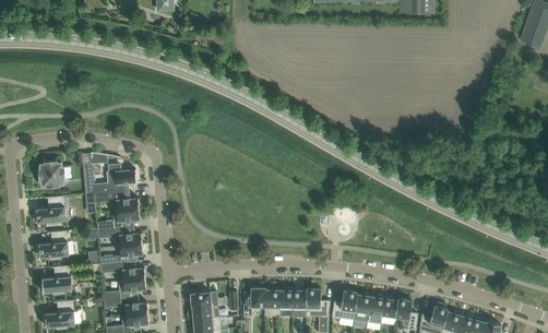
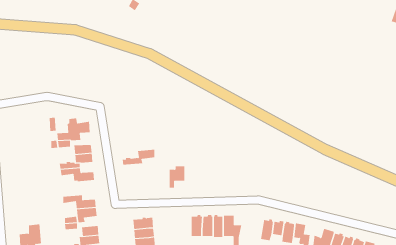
building: [37,160,64,188] -> none
building: [35,195,65,224] -> none
building: [38,230,69,259] -> none
building: [99,243,142,264] -> [122,149,155,165]
building: [41,265,71,294] -> none
building: [243,287,264,316] -> [169,166,185,188]
building: [331,289,357,319] -> none

